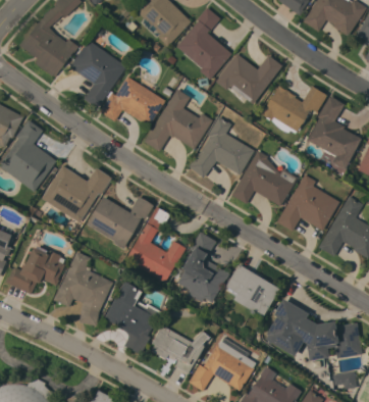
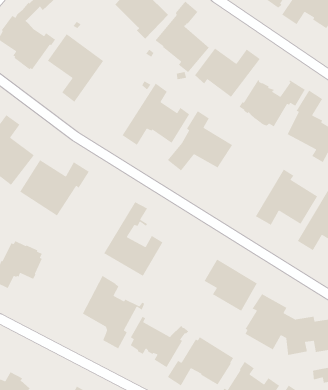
building: [100,77,165,127] -> none
building: [231,151,298,206] -> none
building: [87,197,154,249] -> none
building: [177,232,229,303] -> none
building: [54,252,113,325] -> none

